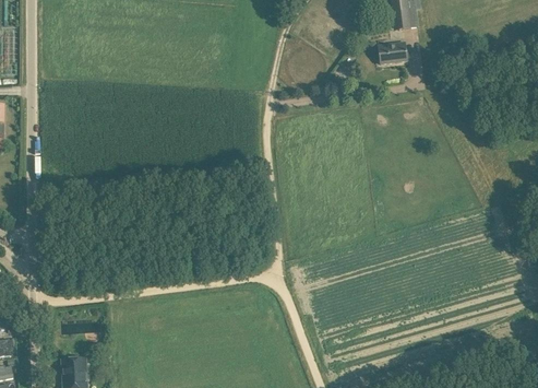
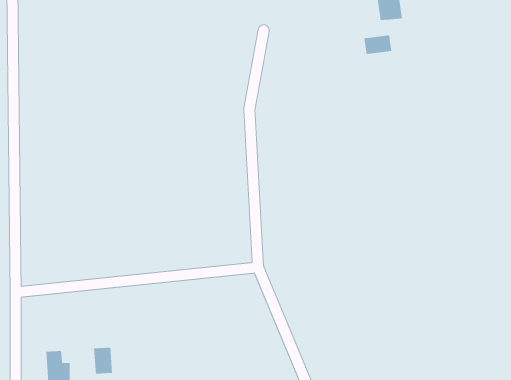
building: none -> [94,347,113,375]

